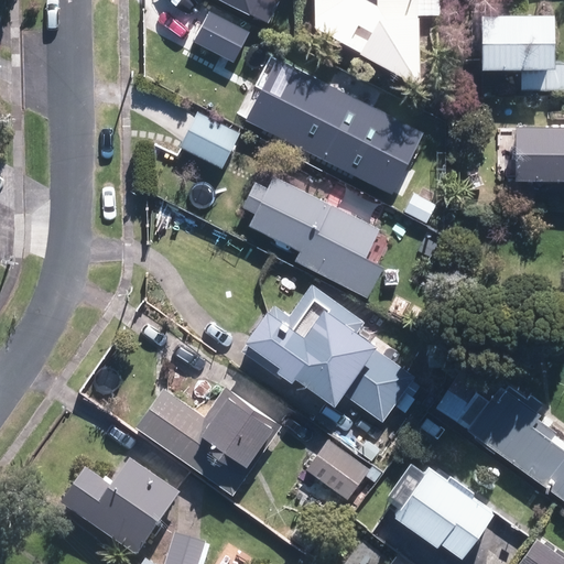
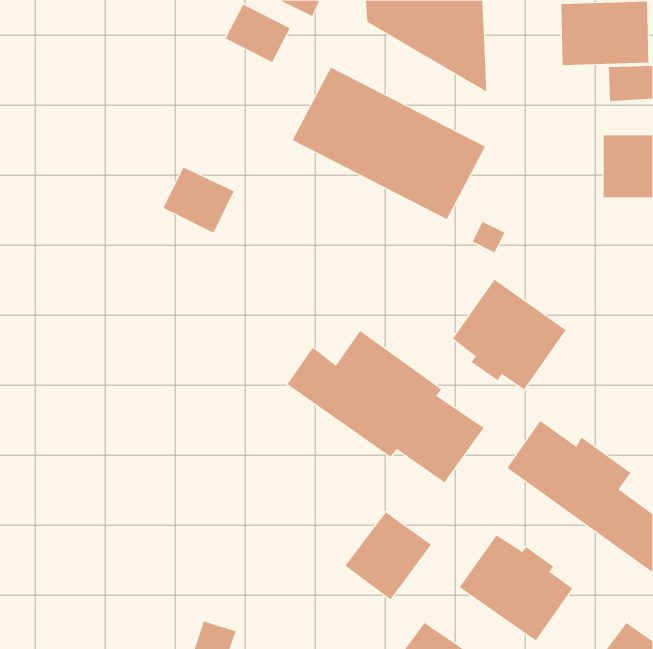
building: [178,112,240,170] -> [163,167,235,234]
building: [236,176,382,296] -> none
building: none -> [452,279,566,390]
building: [137,384,280,494] -> none
building: [63,467,175,555] -> none

